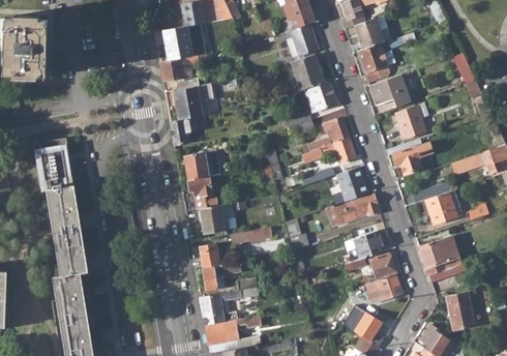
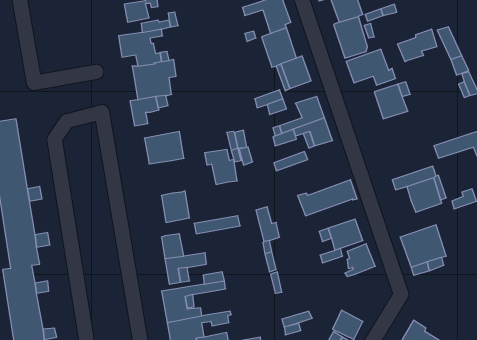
building: none -> [397,29,437,62]
building: [385,138,421,174] -> none
building: [335,166,367,201] -> none
building: [187,176,217,208] -> [205,149,237,184]
building: [365,273,401,302] -> none
building: [445,292,474,329] -> none

